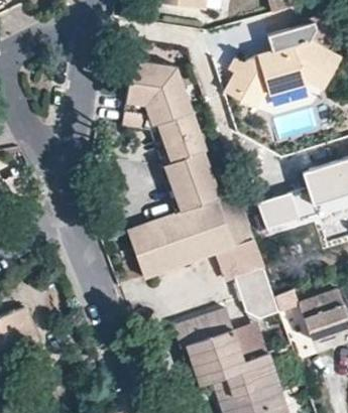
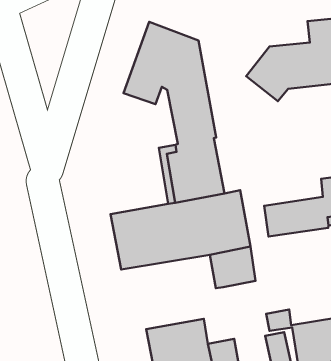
building: [235,269,277,319] -> none

